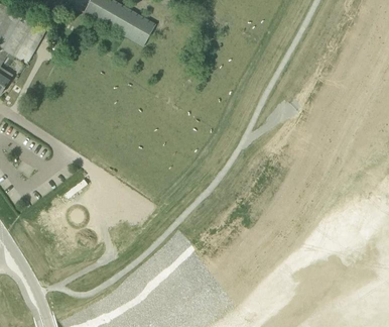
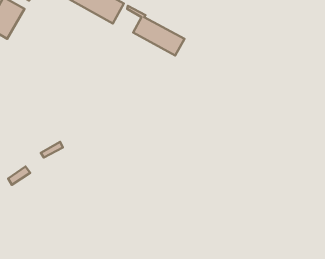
building: none -> [127,6,185,56]

